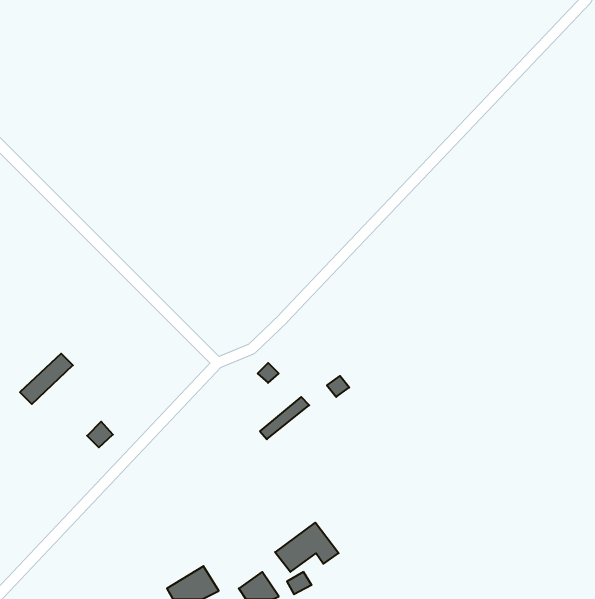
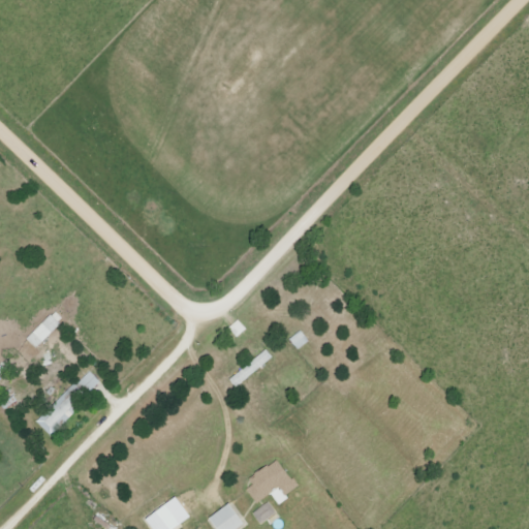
building: none -> [35,397,75,436]

